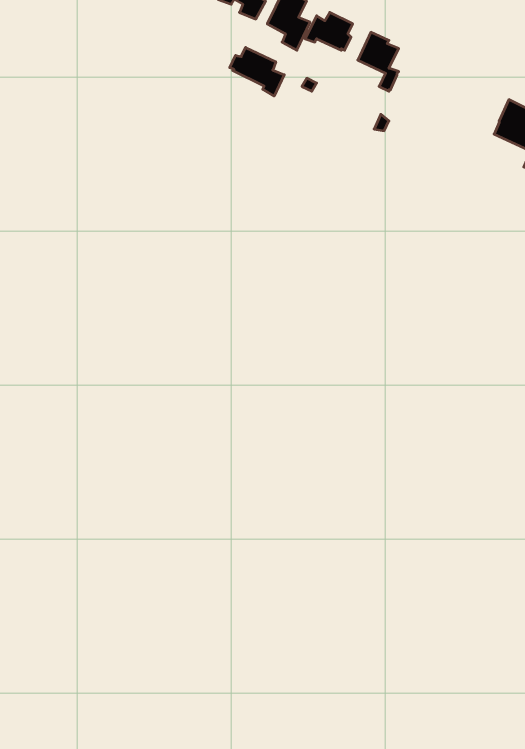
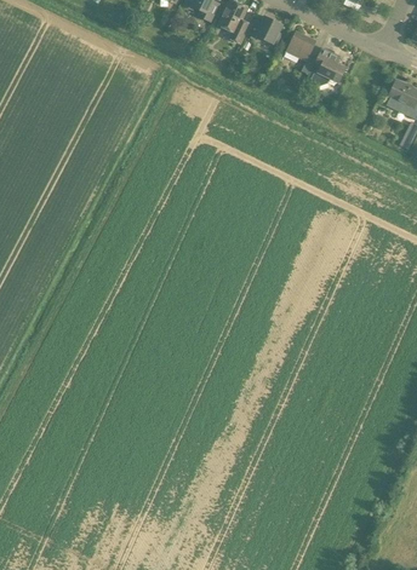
building: [230,47,284,96] -> none
building: none -> [309,46,347,86]

